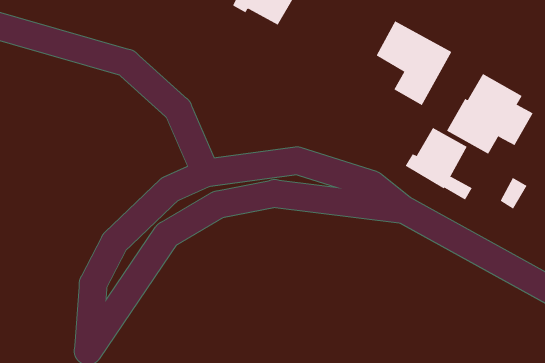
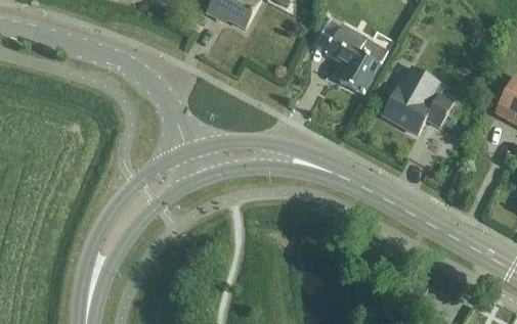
building: [405,127,473,201] -> none

